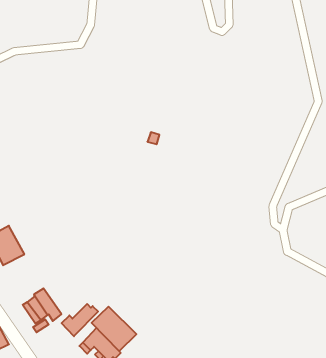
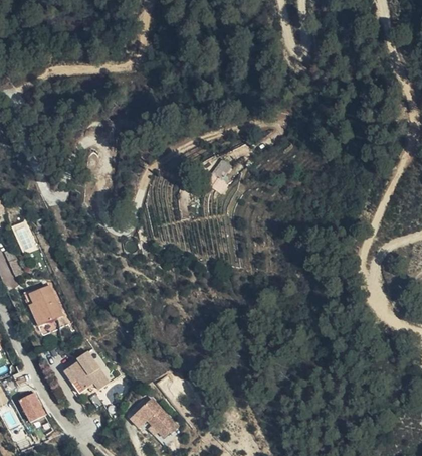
building: [62,304,98,336] -> none
building: [92,307,136,351] -> none

